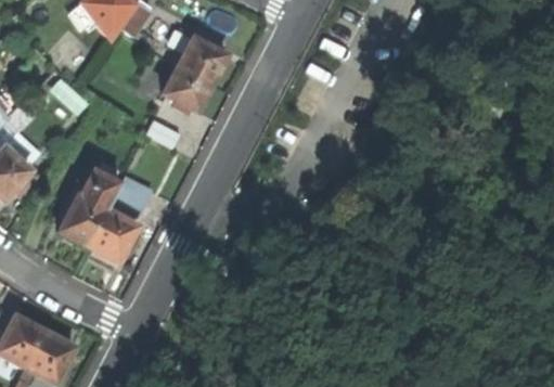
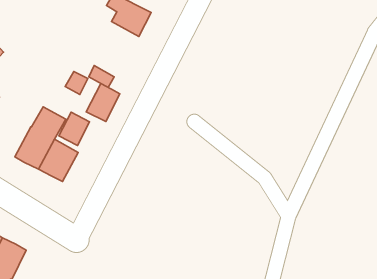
building: [164,64,211,111] -> none
building: none -> [86,84,120,122]

